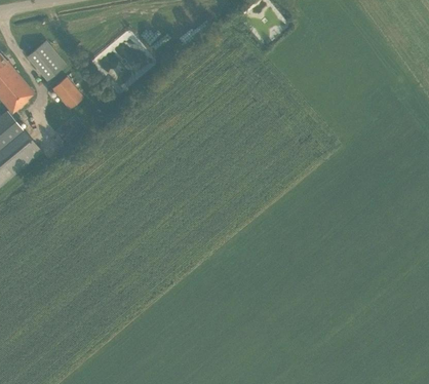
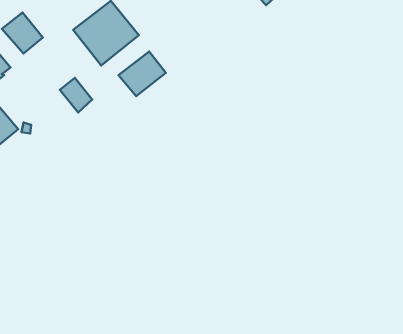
building: [51,76,82,109] -> [60,78,92,112]
building: none -> [118,52,166,96]

